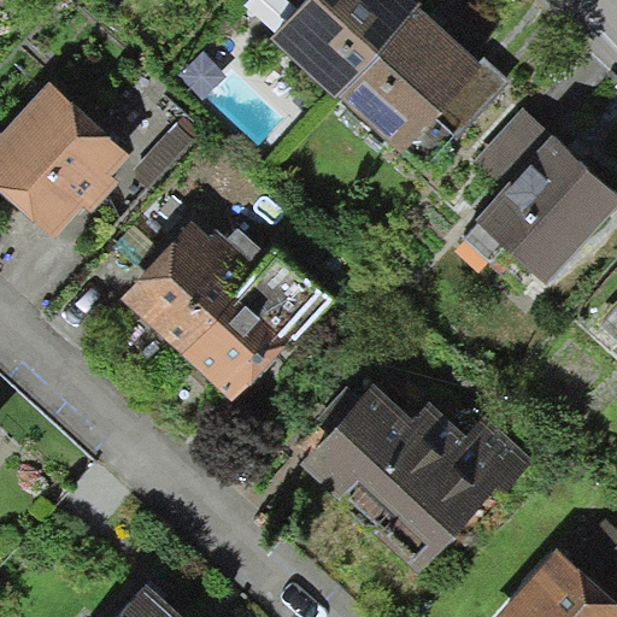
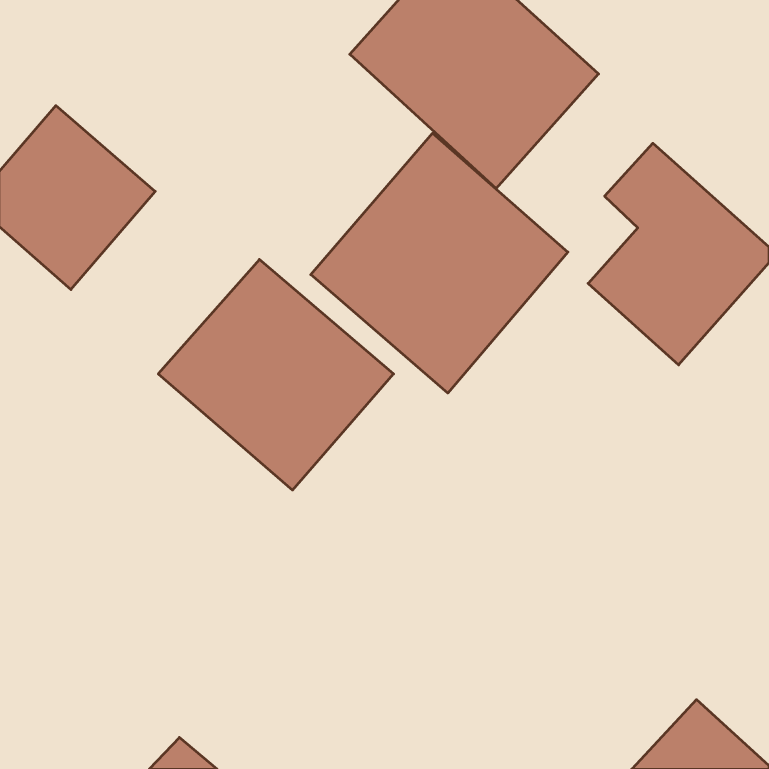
building: none -> [311,133,568,393]
building: [295,383,527,581] -> none

